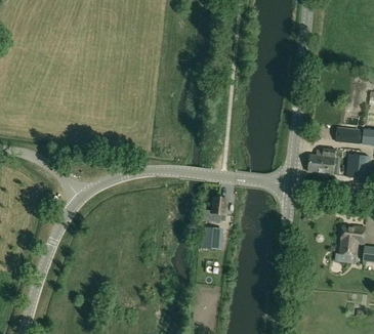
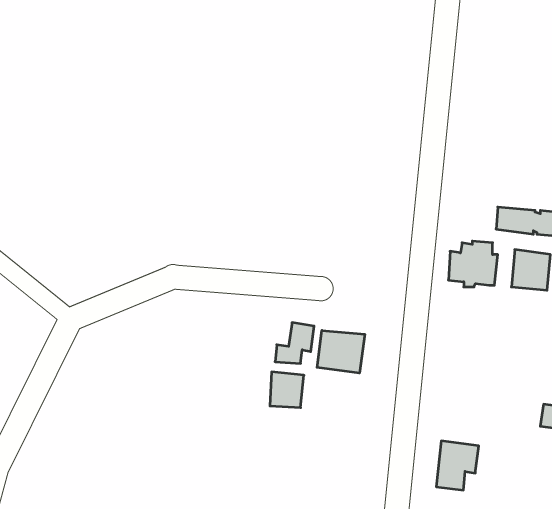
building: none -> [317,330,365,373]
building: [339,224,365,254] -> [436,441,479,490]

